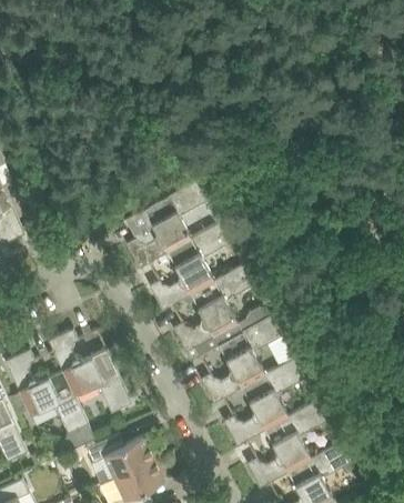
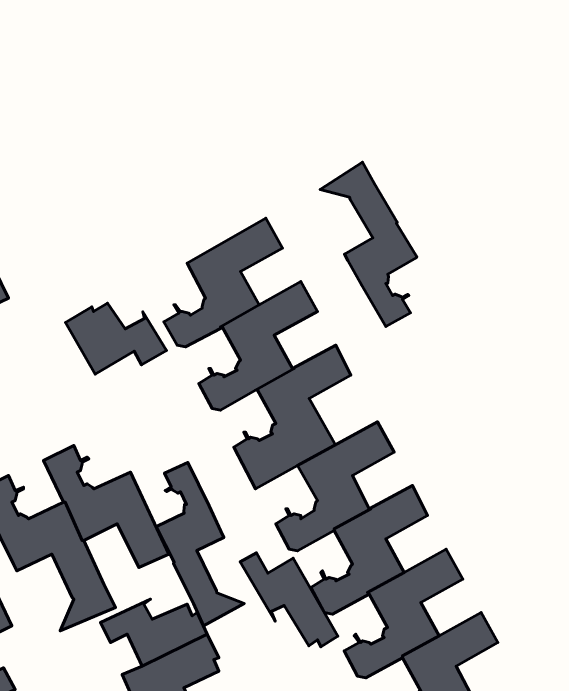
building: none -> [320,162,417,326]
building: none -> [66,303,167,374]
building: none -> [156,462,244,626]
building: none -> [240,553,338,647]

